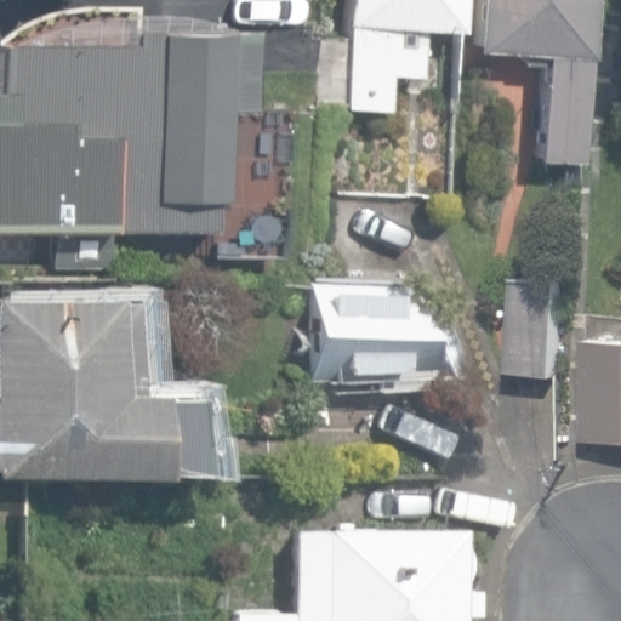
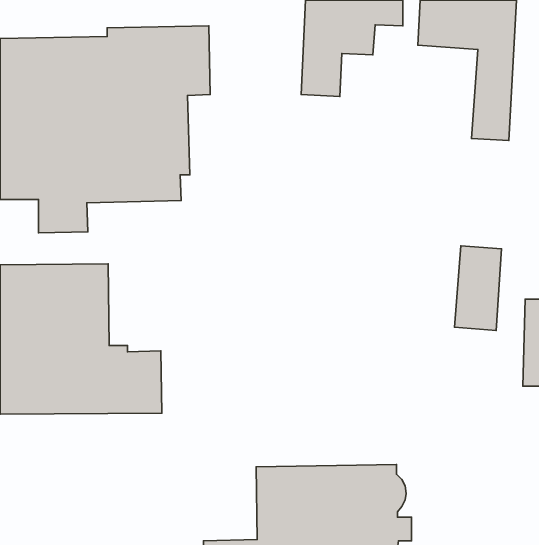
building: [314,285,443,376] -> none

